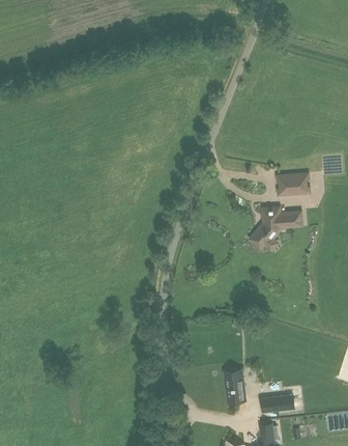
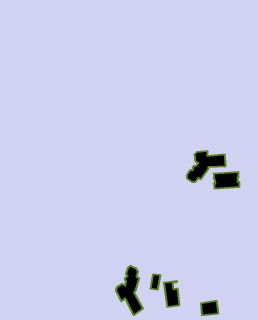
building: [277,172,309,193] -> [214,172,239,189]
building: none -> [116,266,143,315]

